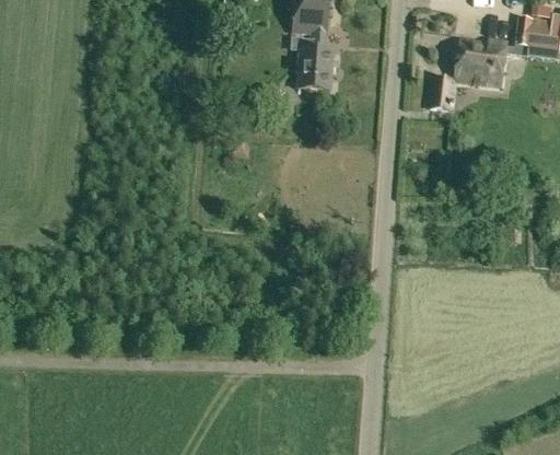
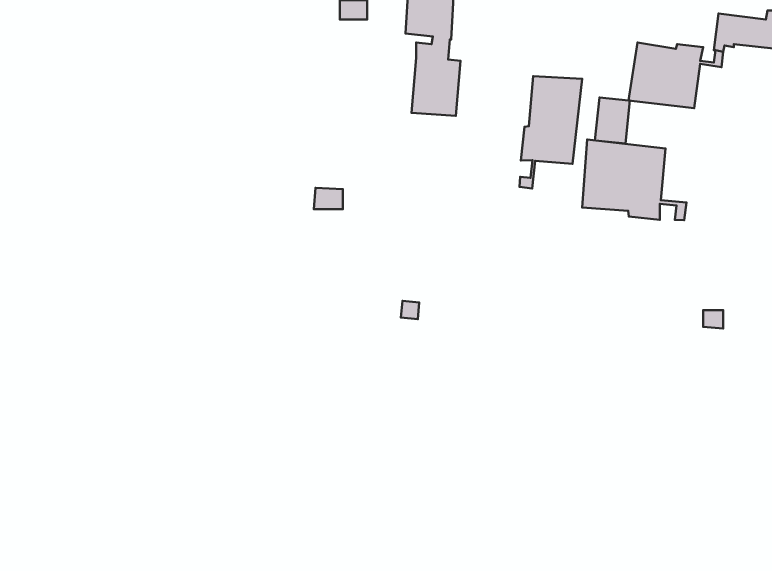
building: none -> [520,76,582,189]
building: none -> [582,139,687,220]

